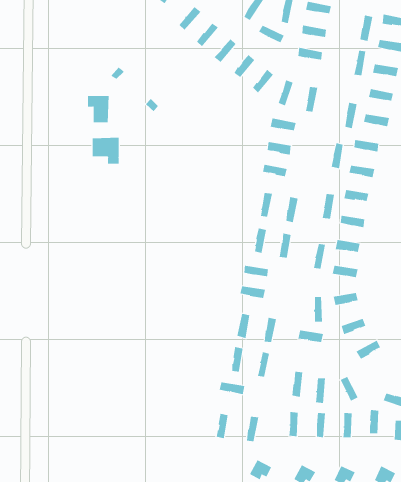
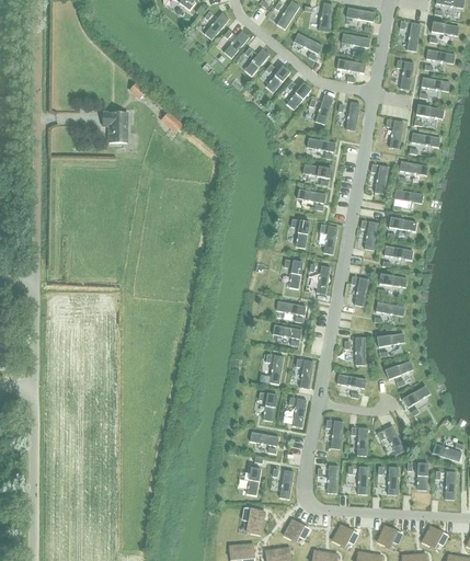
building: [92,137,119,164] -> none
building: none -> [242,507,264,535]

